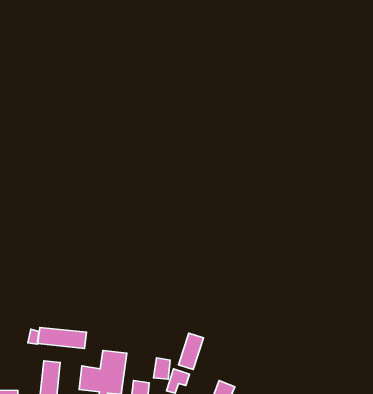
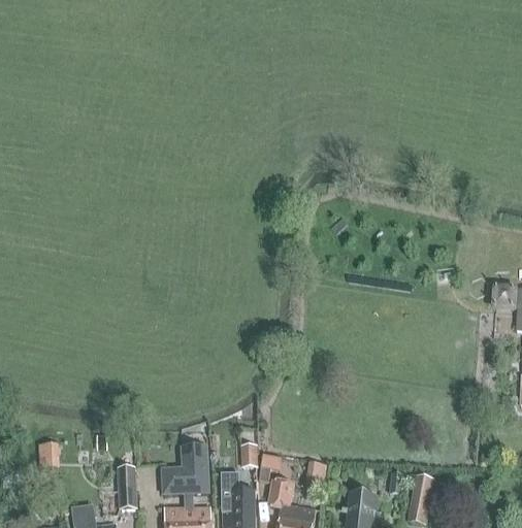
building: [38,327,86,348] -> none
building: [179,333,203,369] -> none

